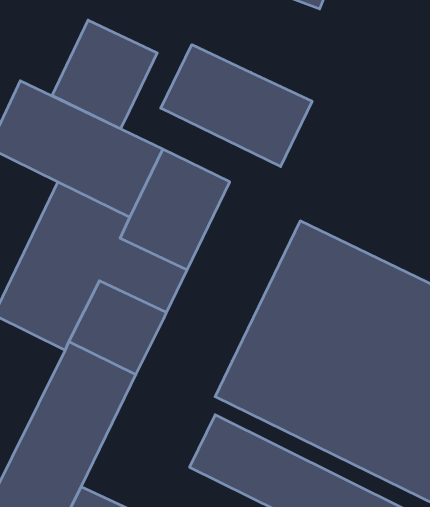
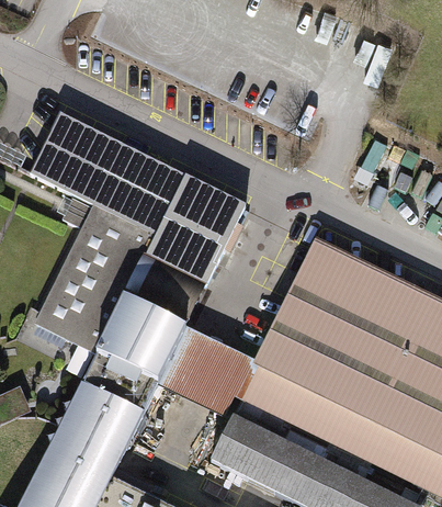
building: [52,20,157,129] -> none
building: [161,45,312,167] -> none
building: none -> [159,326,250,417]

